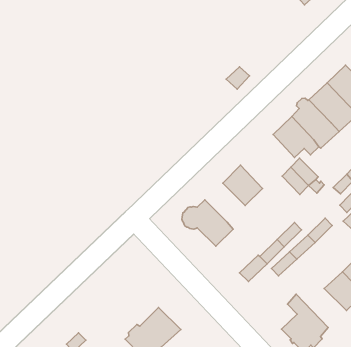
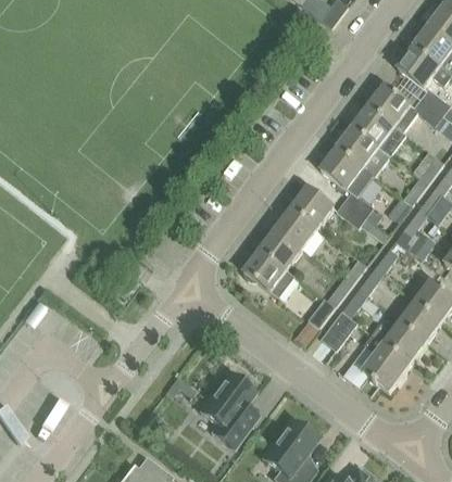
building: none -> [291,187,335,228]
building: none -> [260,229,303,269]
building: none -> [321,310,357,351]
building: none -> [372,322,427,363]

